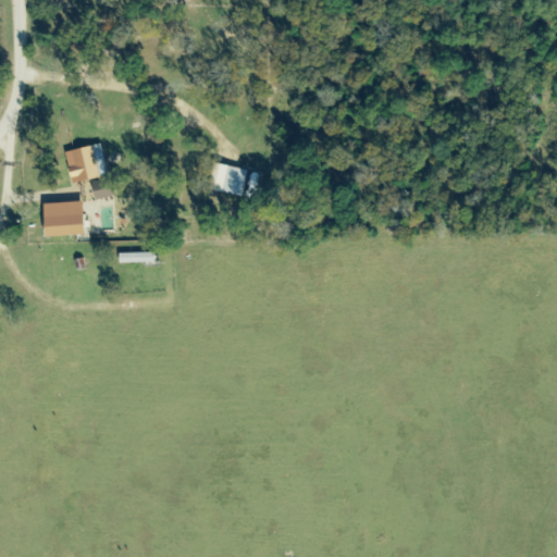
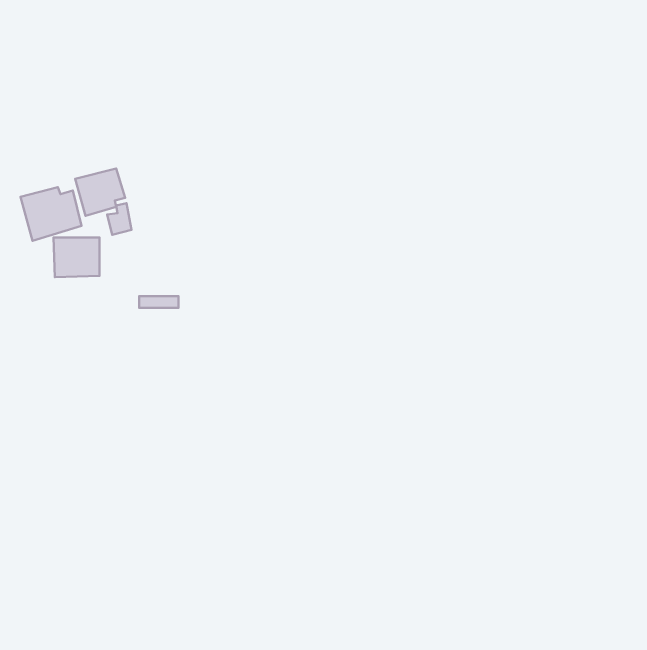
building: none -> [21,187,82,241]
building: [208,162,247,196] -> none

